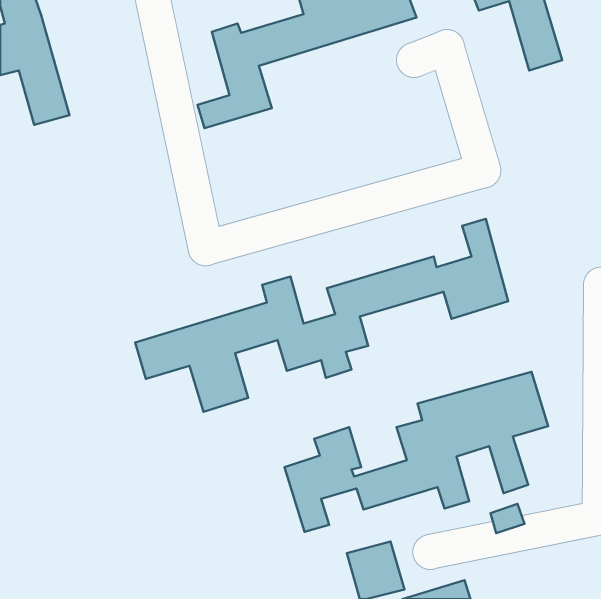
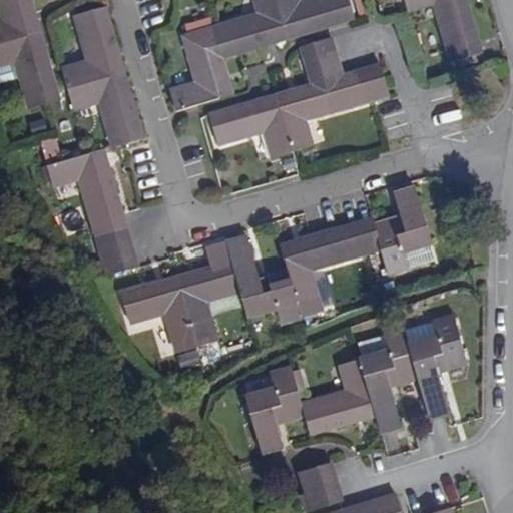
building: none -> [61,5,144,146]
building: none -> [210,39,389,154]
building: none -> [48,150,135,274]

